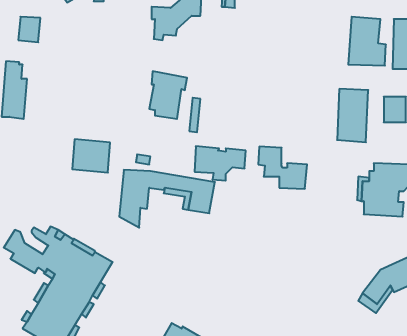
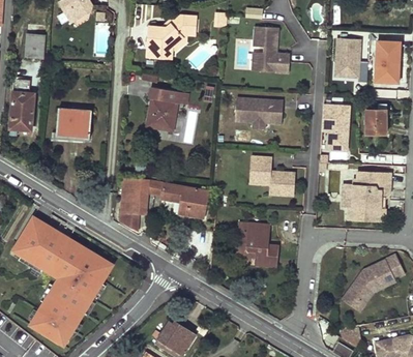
building: none -> [254,27,290,73]
building: [72,139,110,173] -> [56,108,91,139]
building: [195,146,246,181] -> [235,97,283,129]
building: none -> [22,216,55,257]
building: none -> [236,221,277,267]

